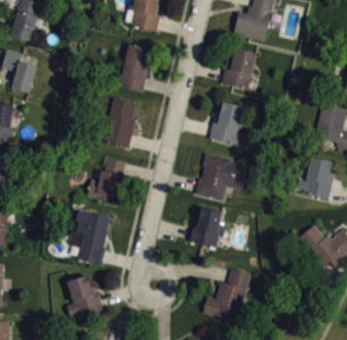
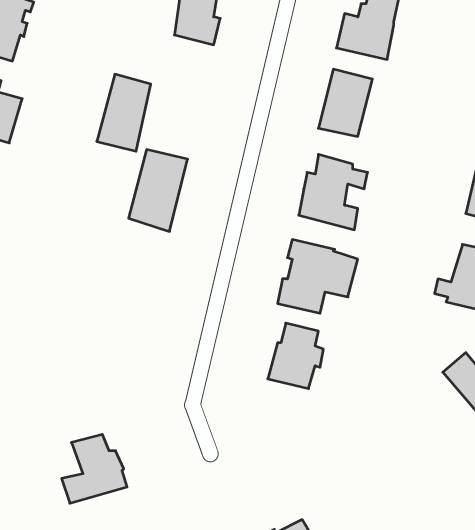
building: [118,44,152,92] -> [97,74,151,151]
building: [86,157,125,203] -> none
building: [75,210,110,265] -> none
building: [202,269,250,323] -> none

